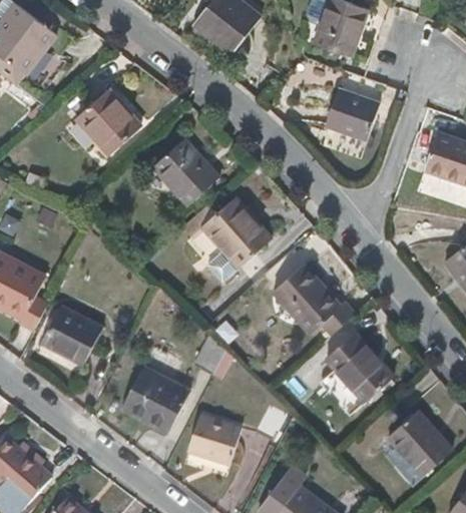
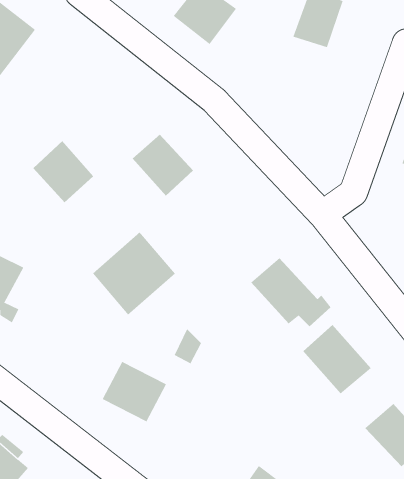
building: [325,87,378,139] -> none
building: [77,89,139,152] -> [32,140,94,203]
building: [184,198,269,283] -> [92,232,176,315]
building: [41,306,102,364] -> none
building: [186,414,239,464] -> none

